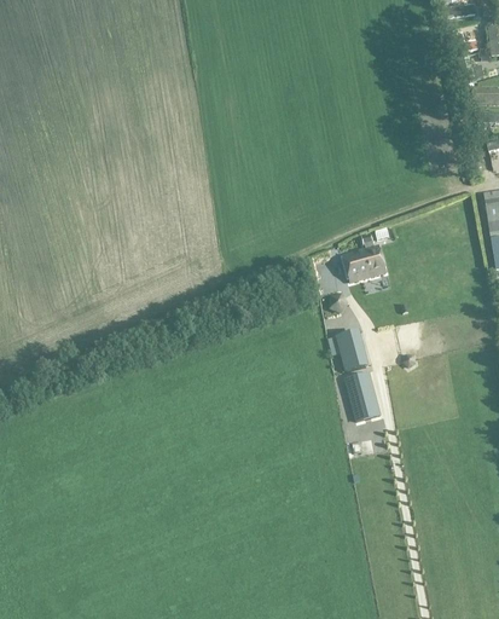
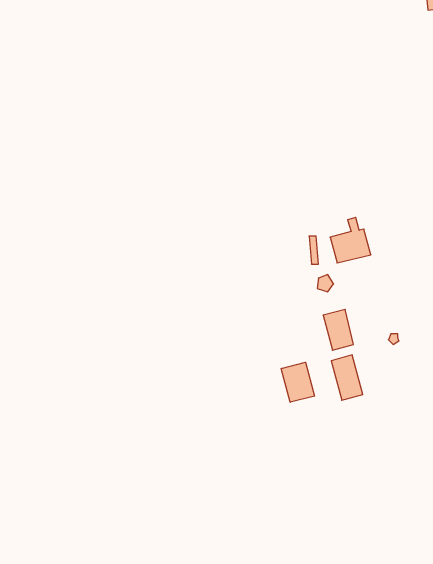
building: none -> [281,362,315,402]

